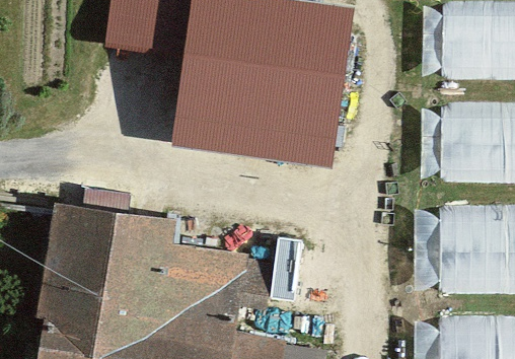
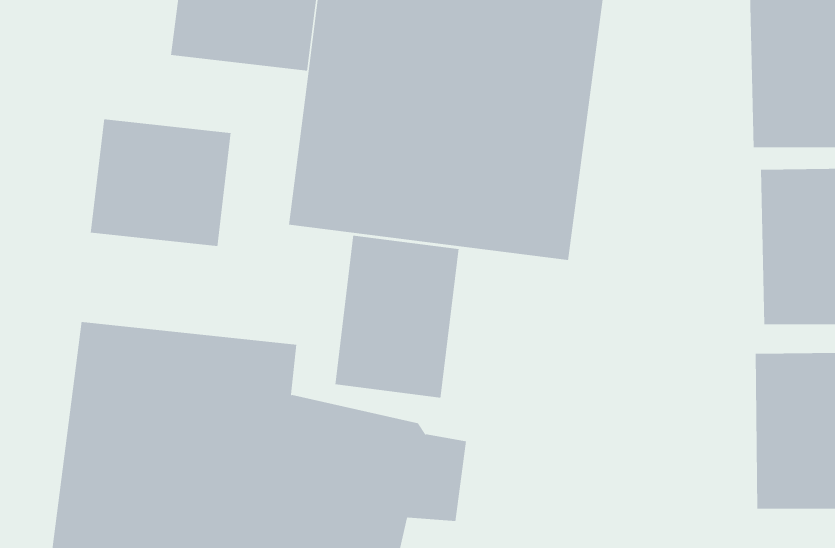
building: none -> [90,119,231,247]
building: none -> [335,235,459,398]

